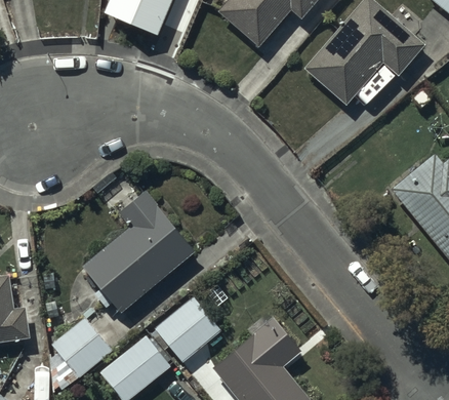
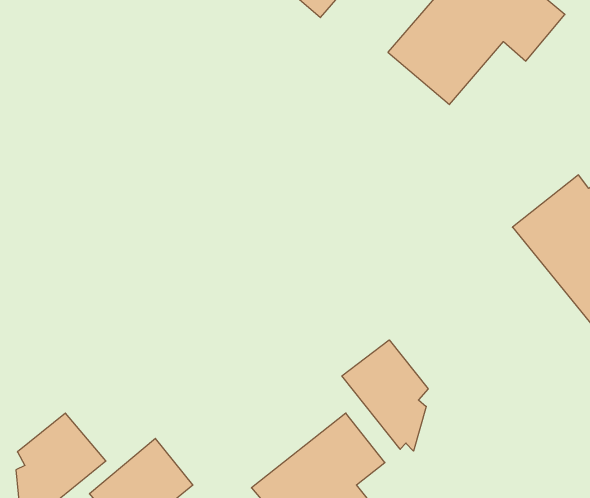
building: [83,192,195,313] -> none
building: none -> [342,340,428,451]
building: [154,297,220,363] -> none

